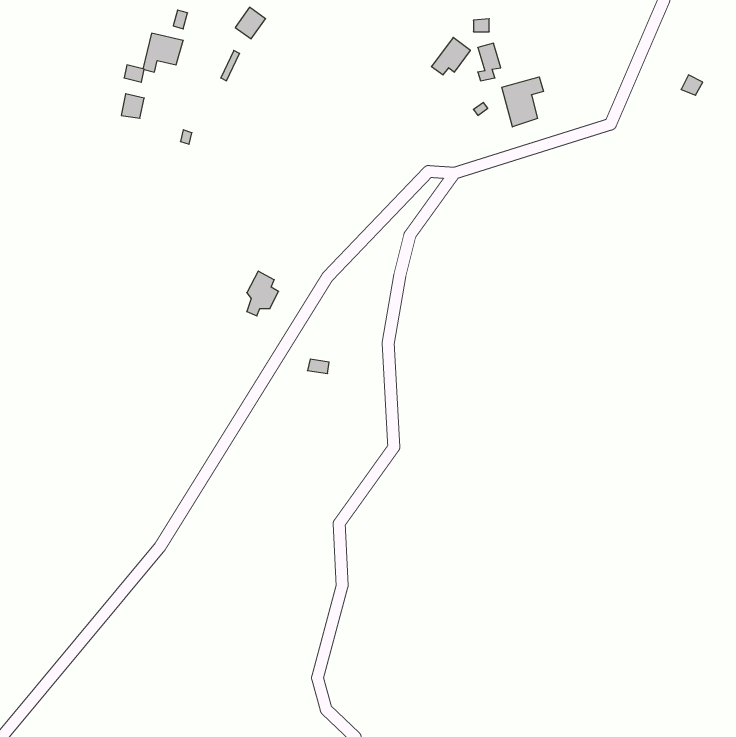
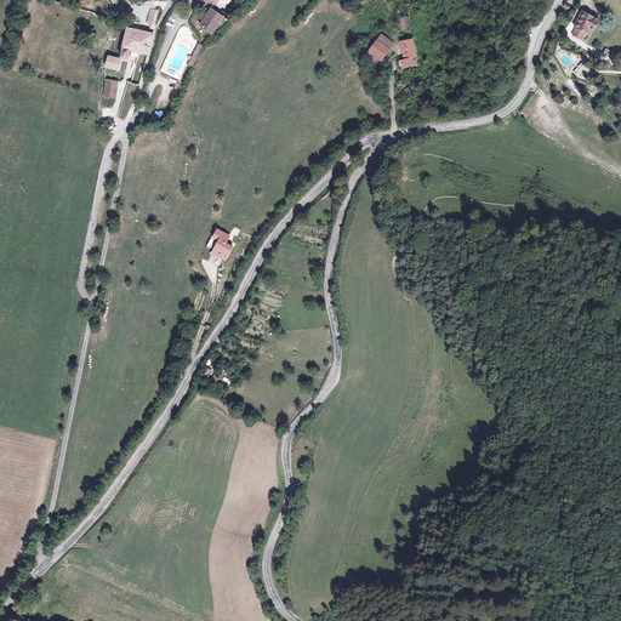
building: none -> [568,10,599,42]
building: [502,77,543,127] -> none

